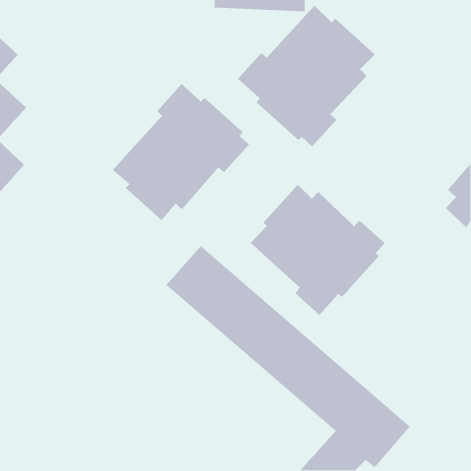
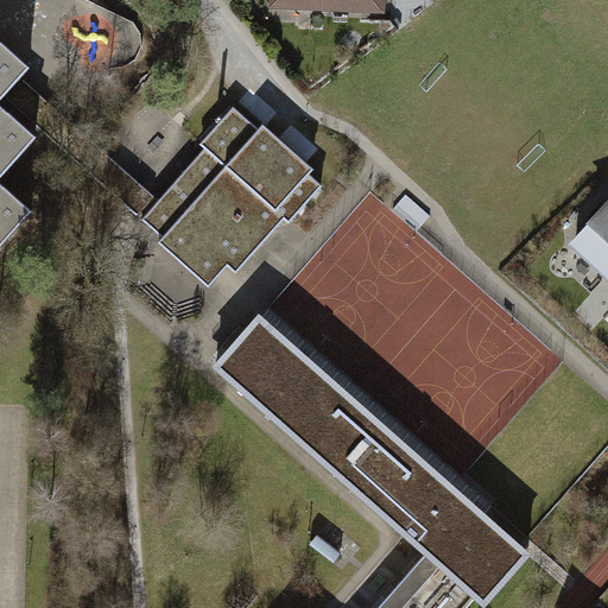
building: [237,5,375,147] -> none
building: [250,184,386,316] -> none

